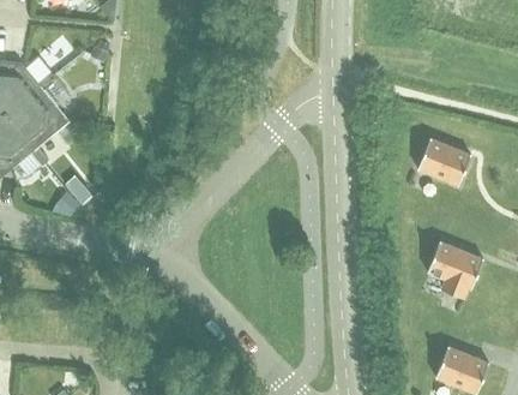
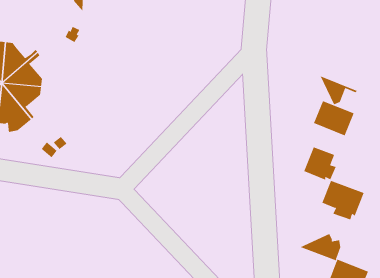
building: none -> [320,75,357,105]
building: none -> [303,146,336,180]
building: none -> [299,233,341,261]

